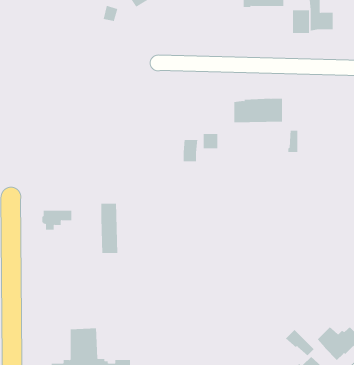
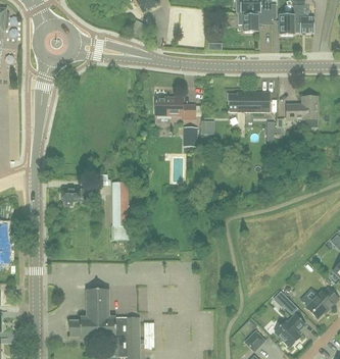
building: none -> [238,9,277,31]
building: none -> [155,96,195,117]
building: none -> [286,96,318,118]

